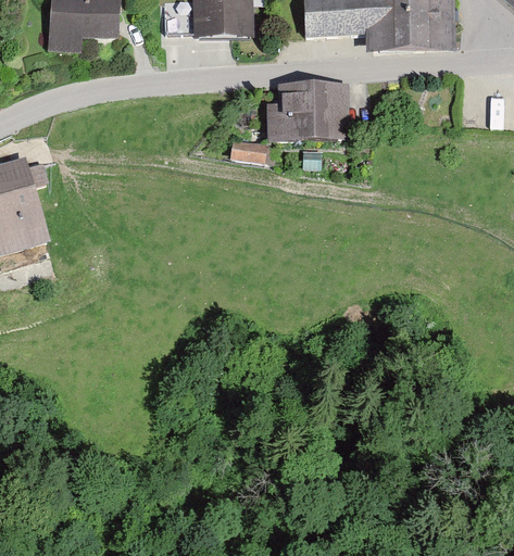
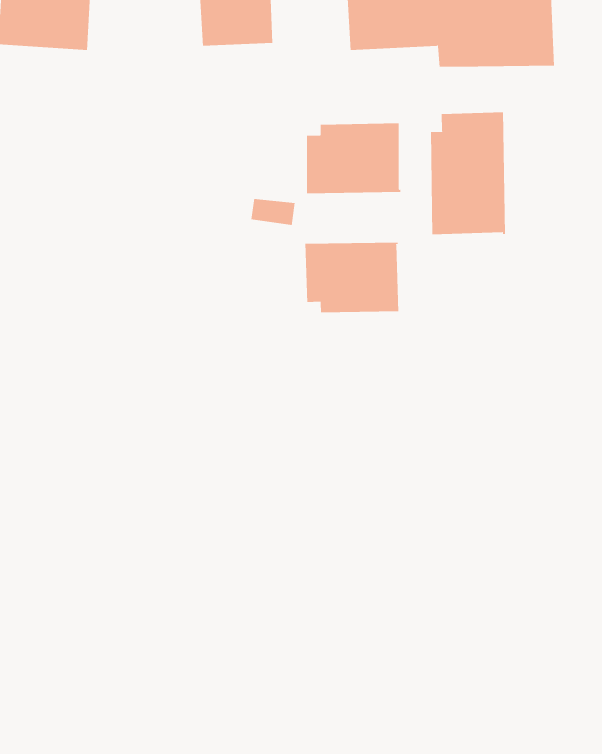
building: none -> [430,111,506,235]
building: none -> [305,242,399,313]

